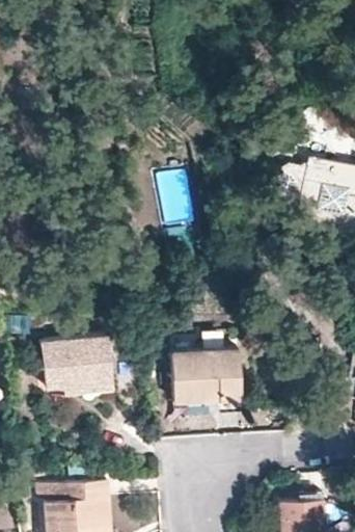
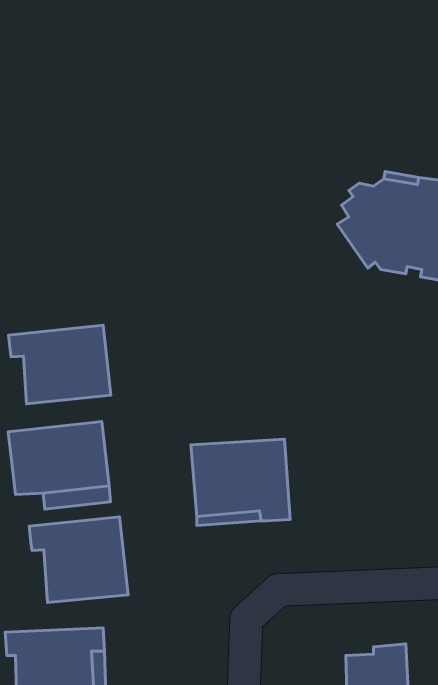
building: none -> [8,325,111,404]
building: none -> [29,517,128,603]

